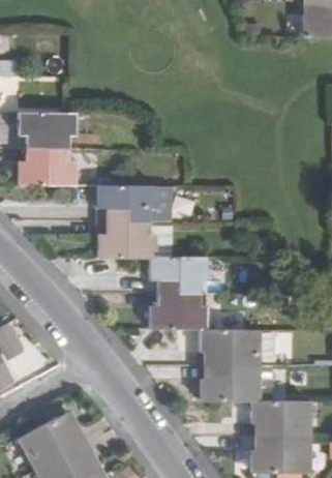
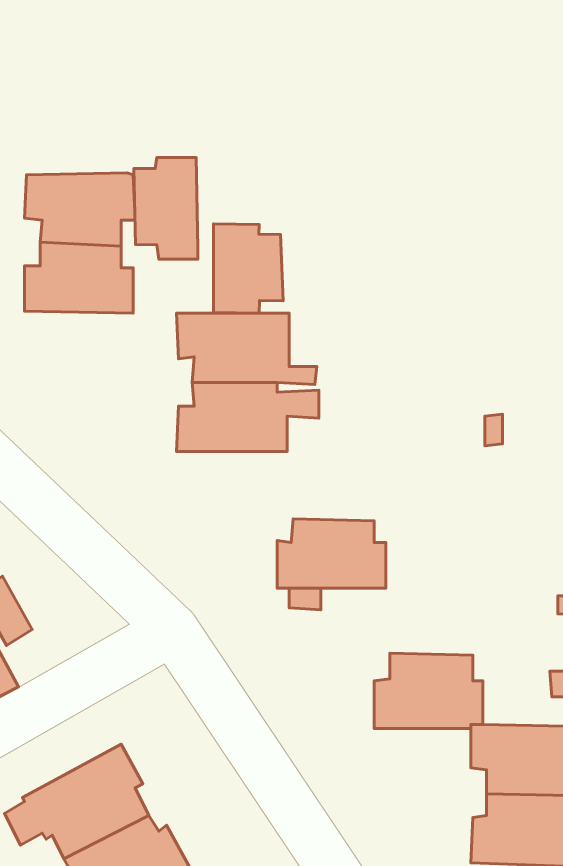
building: none -> [134,157,198,259]
building: none -> [214,224,283,313]
building: [150,258,224,294] -> none
building: [201,329,277,364] -> none

